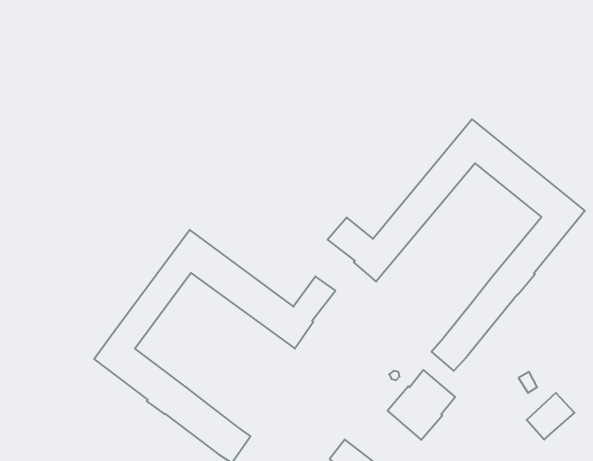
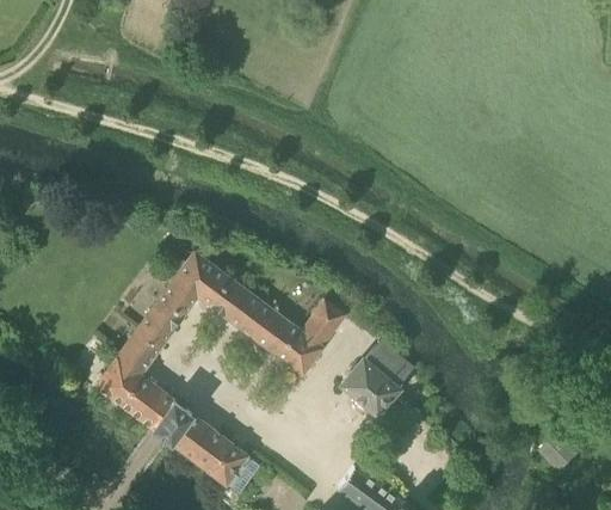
building: [328,119,585,371] -> none
building: [388,370,455,440] -> [342,343,412,414]

